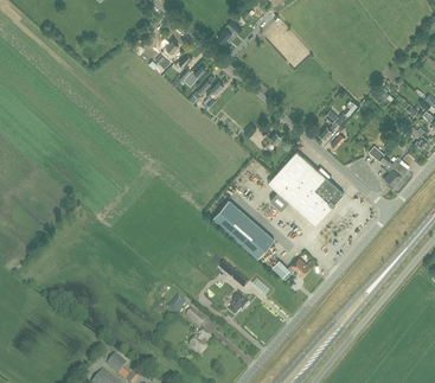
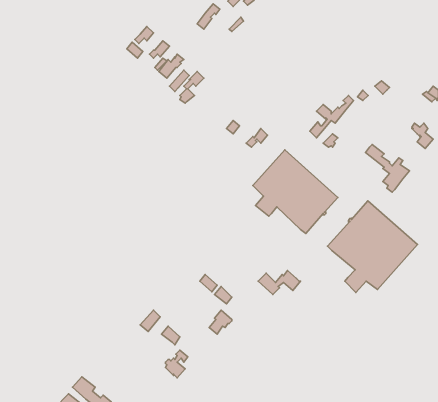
building: none -> [328,201,417,292]
building: [213,200,274,258] -> none

